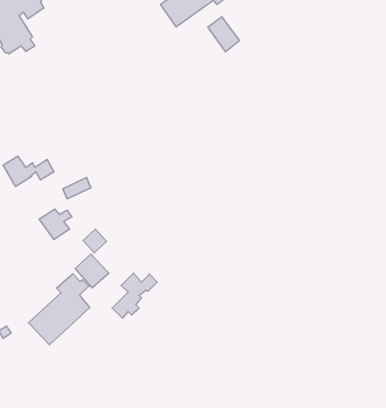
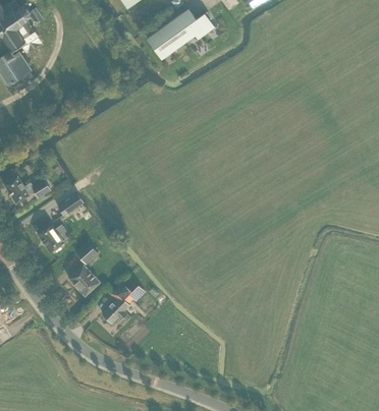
building: [208,17,240,52] -> none
building: [29,274,90,345] -> none

